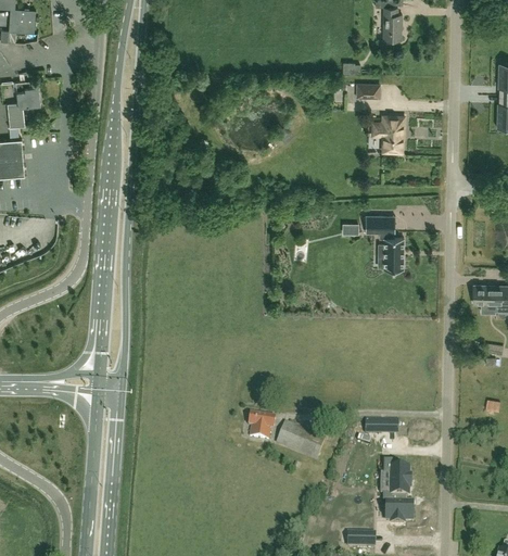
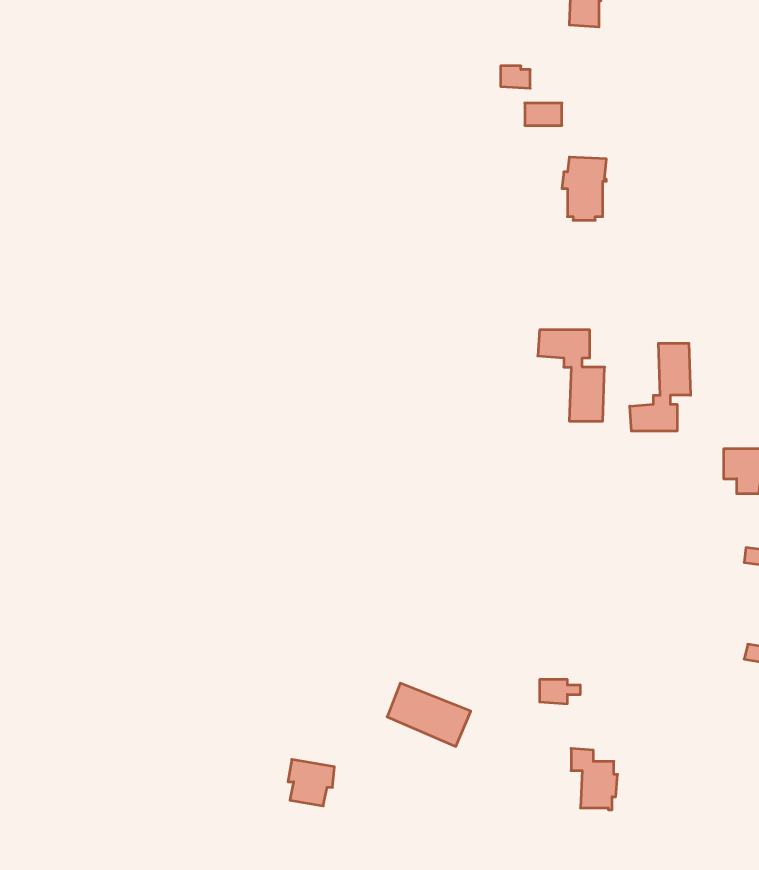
building: none -> [630,343,691,431]
building: [249,414,276,441] -> [288,759,334,806]
building: [383,496,414,525] -> none

